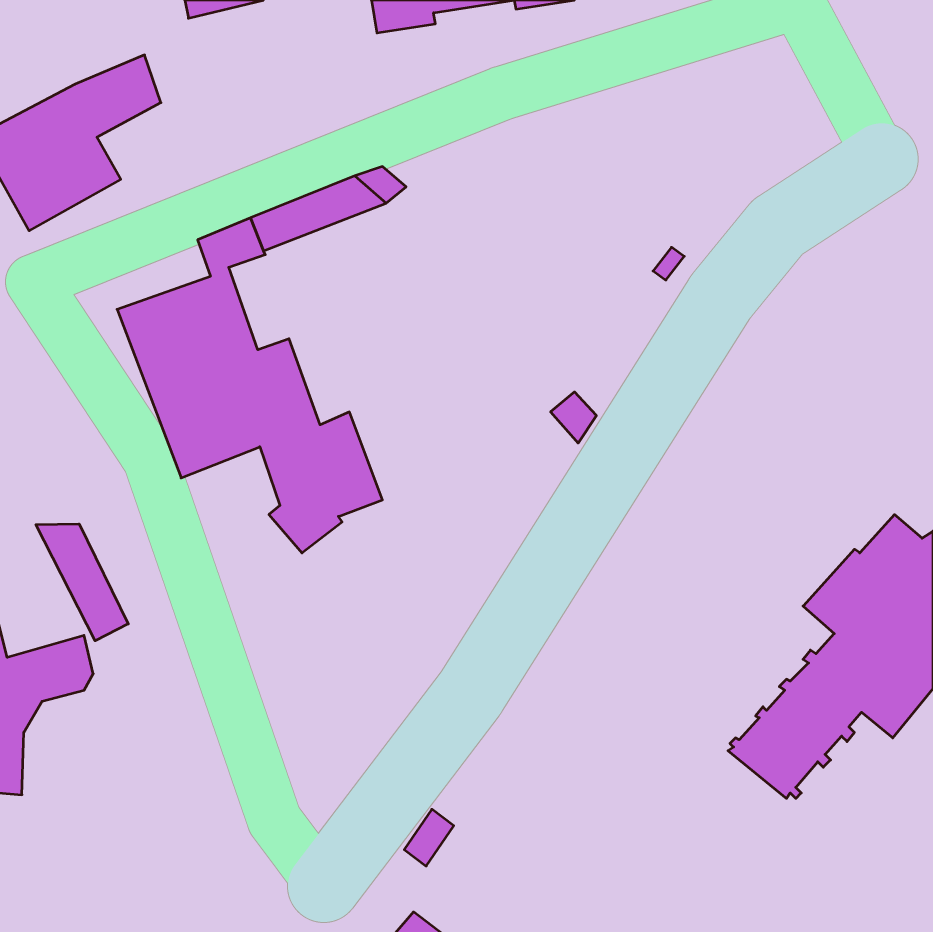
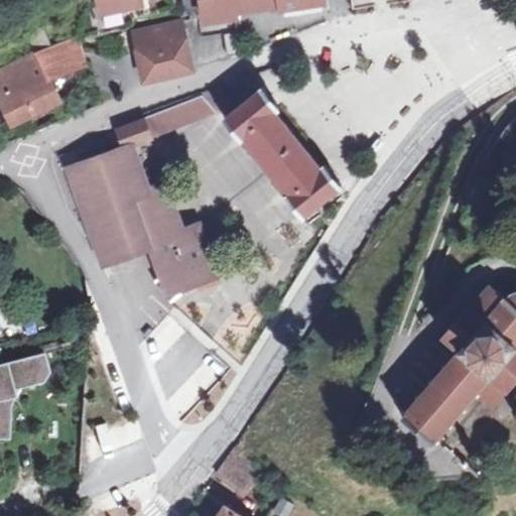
building: none -> [137,21,196,79]
building: none -> [219,90,338,220]
building: [36,524,128,641] -> none

